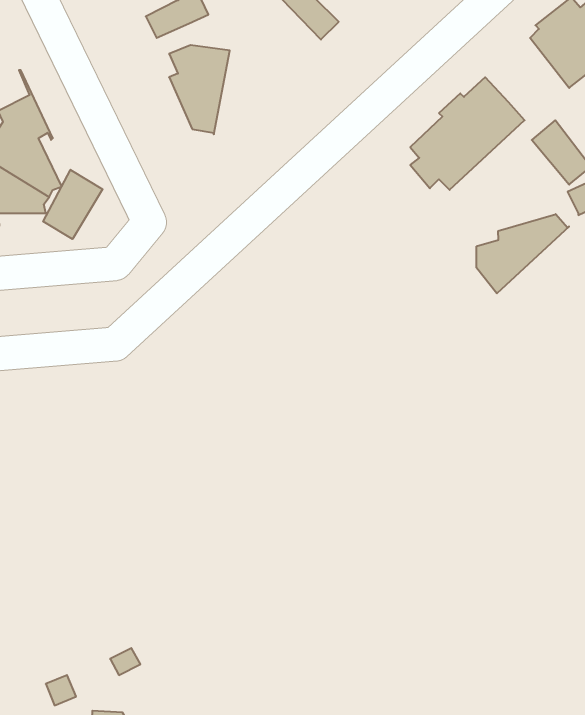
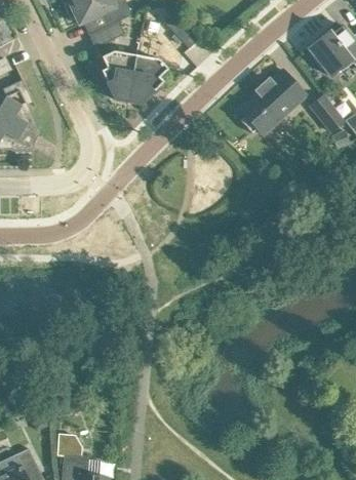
building: none -> [127,54,168,104]
building: [43,170,103,239] -> none
building: [477,214,569,293] -> none

